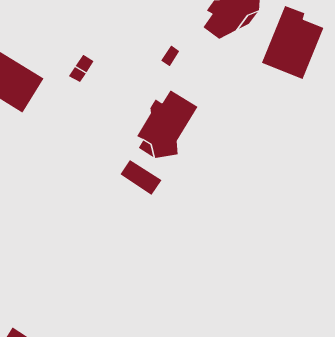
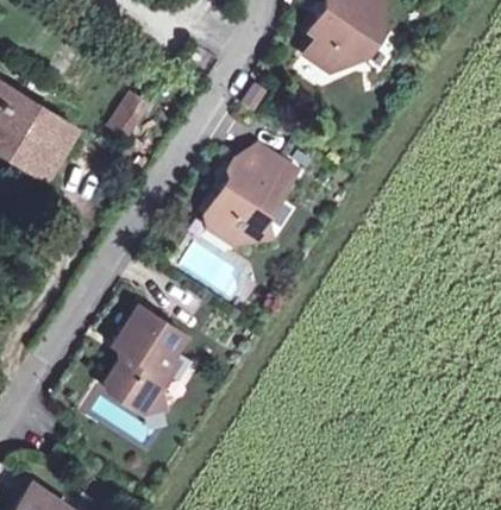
building: [261,5,324,80] -> none
building: none -> [107,306,184,413]

